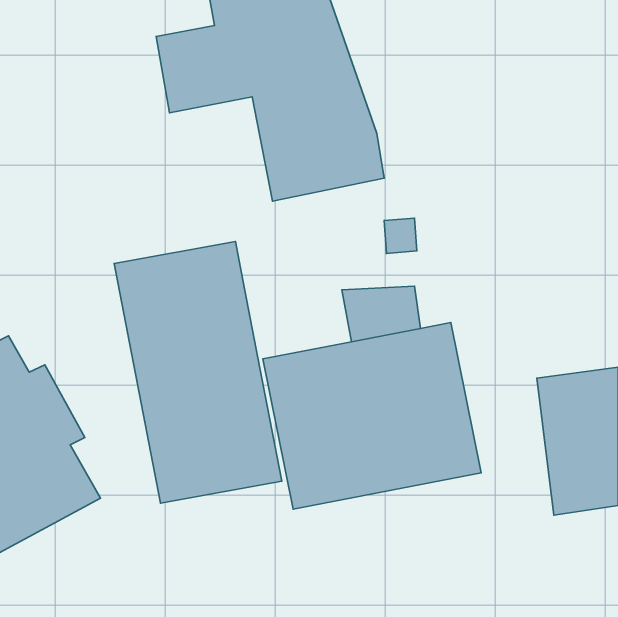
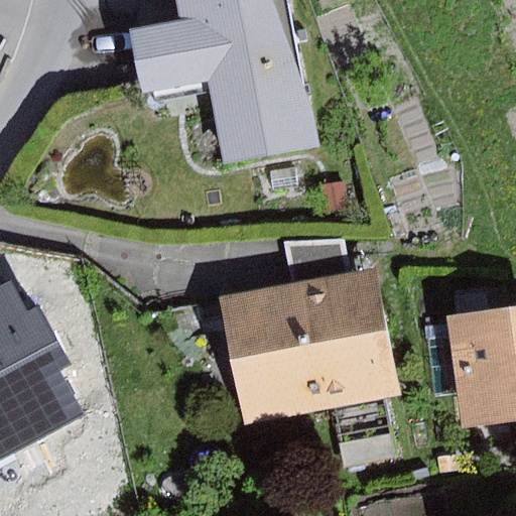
building: [114,241,282,503] -> none

